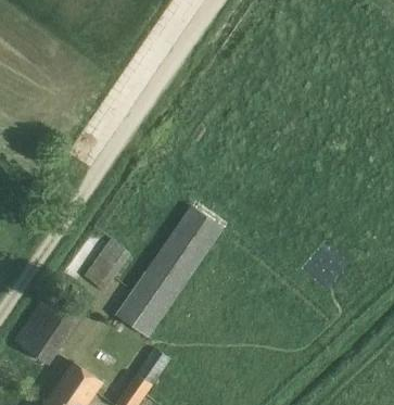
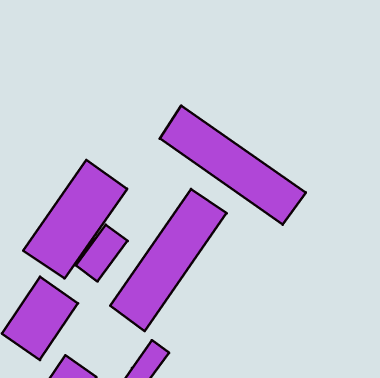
building: none -> [160,106,306,225]
building: none -> [23,160,127,278]

